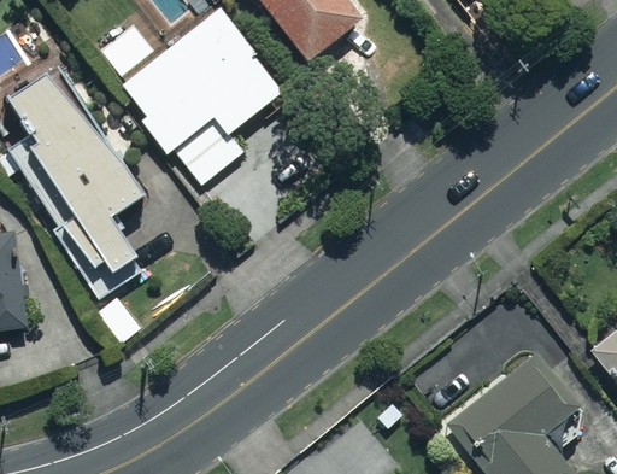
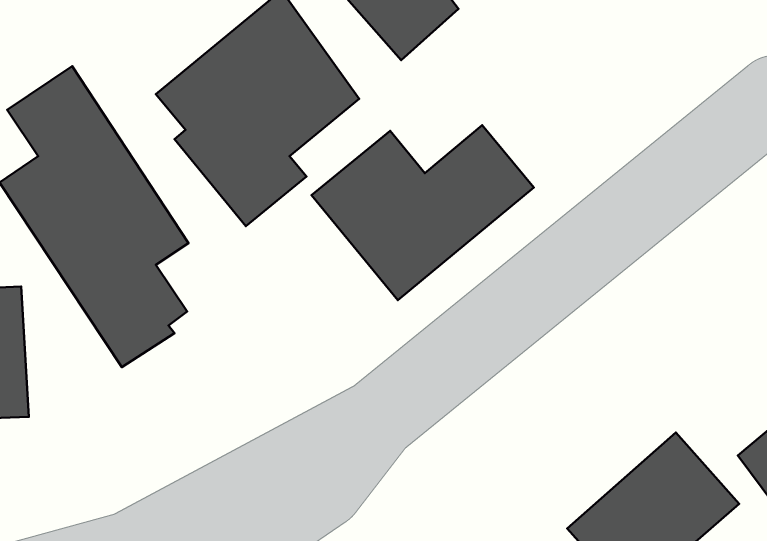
building: none -> [312,125,534,300]

